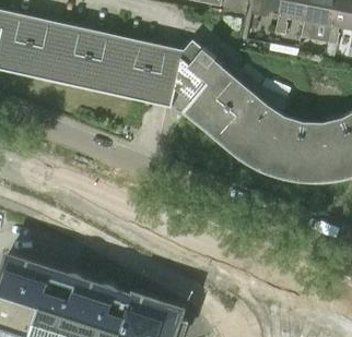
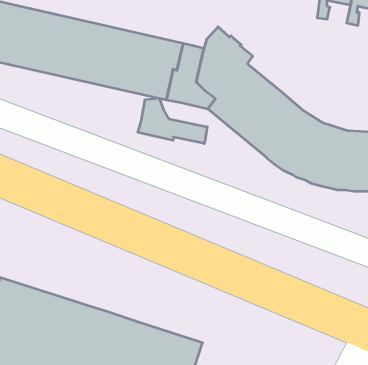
building: none -> [138,98,207,144]

